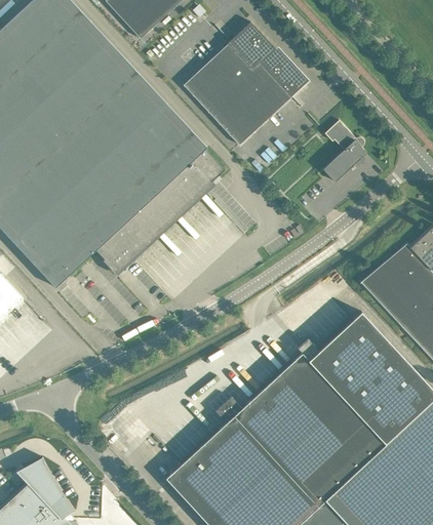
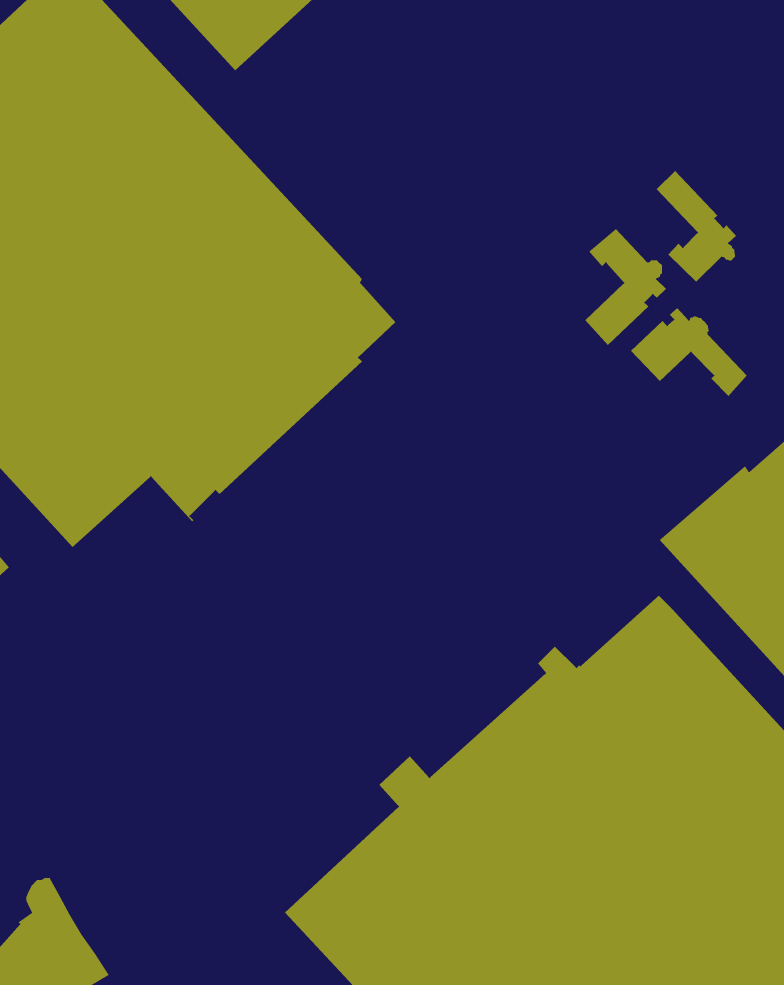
building: [184,23,309,146] -> none
building: none -> [656,170,737,282]
building: none -> [630,307,748,397]

